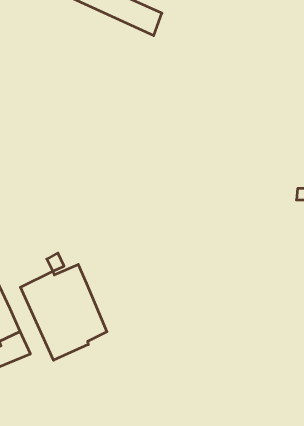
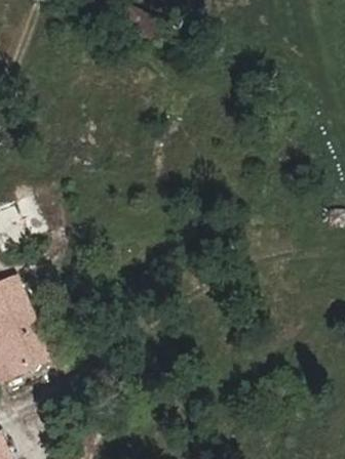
building: [20,264,107,360] -> none

